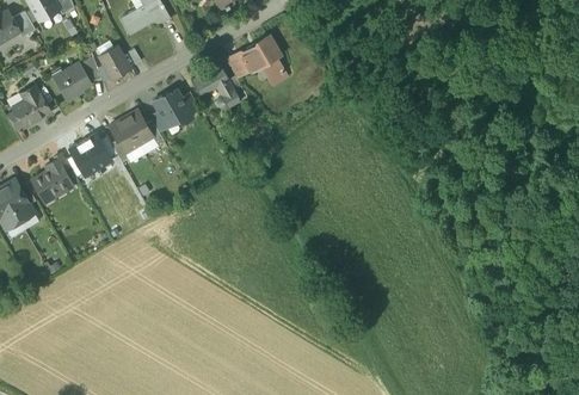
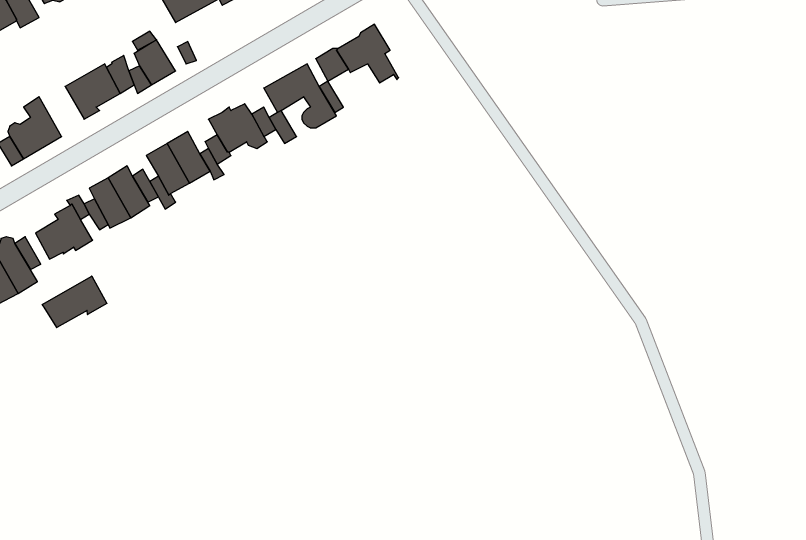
building: none -> [42,276,107,328]

